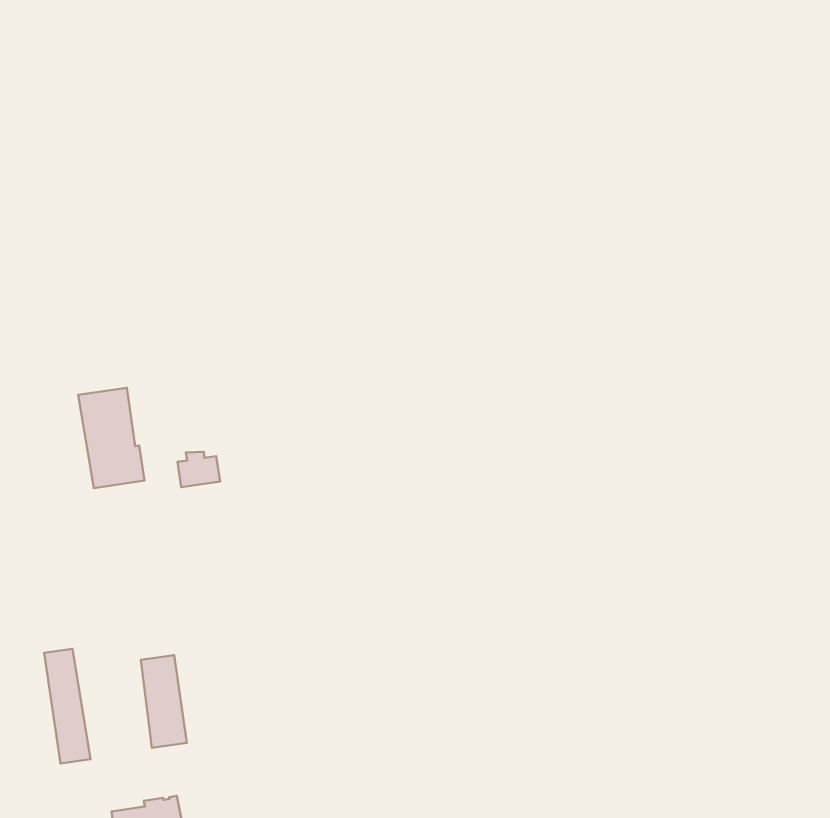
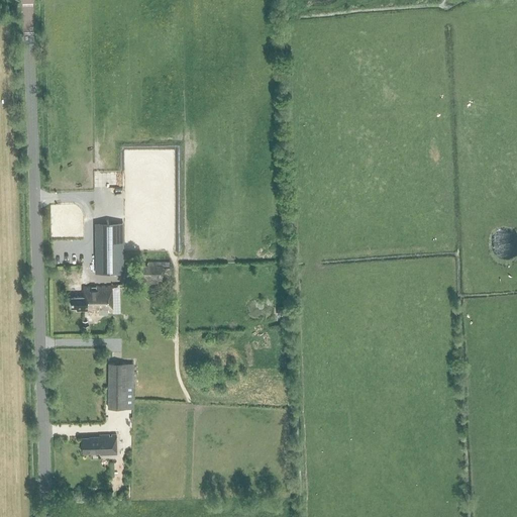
building: none -> [71,287,111,313]
building: [44,649,90,764] -> none

